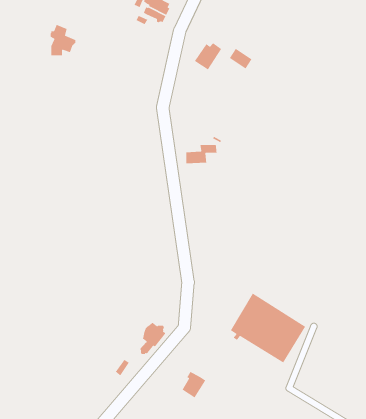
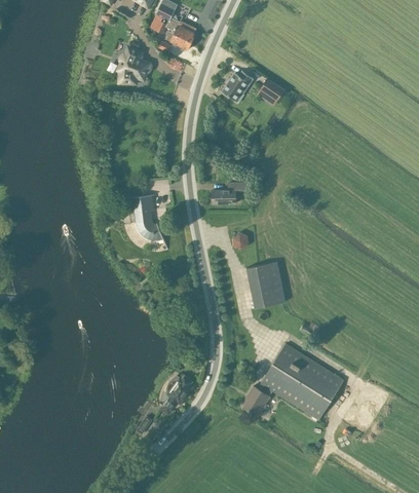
building: [50,24,76,56] -> [120,47,149,82]
building: none -> [126,194,163,240]
building: none -> [245,261,284,308]
building: [182,371,206,398] -> [242,386,269,416]

